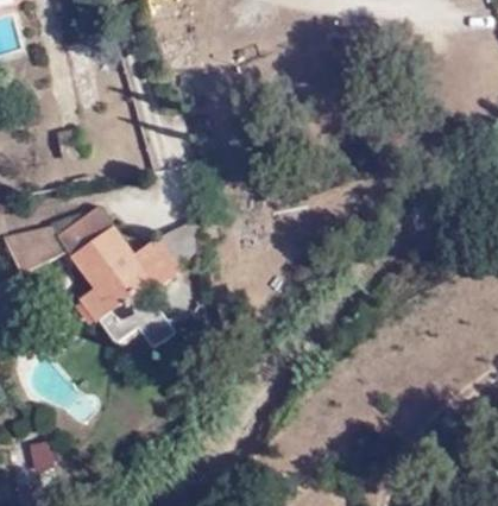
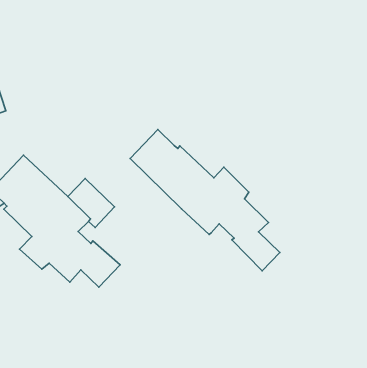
building: none -> [130,130,280,271]

